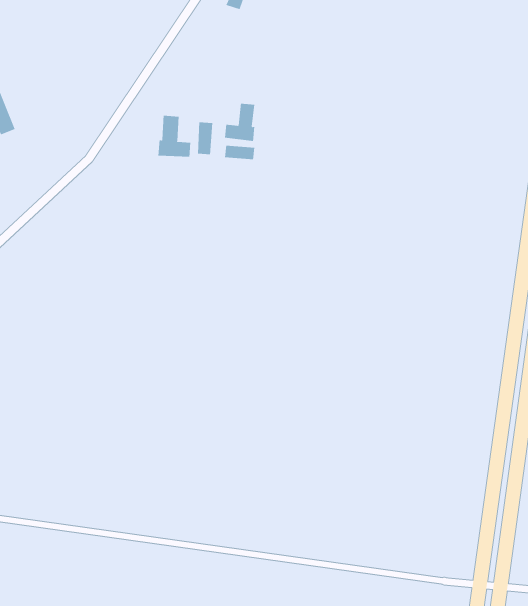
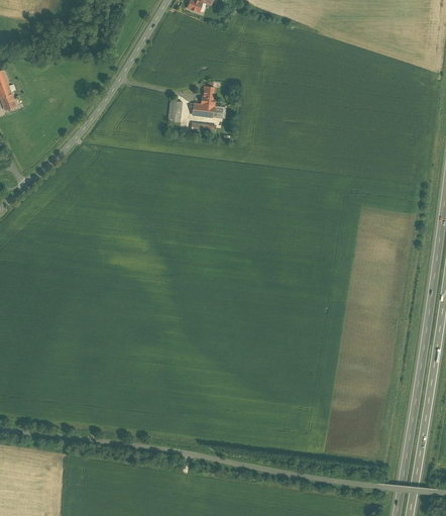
building: [158,115,191,157] -> none

